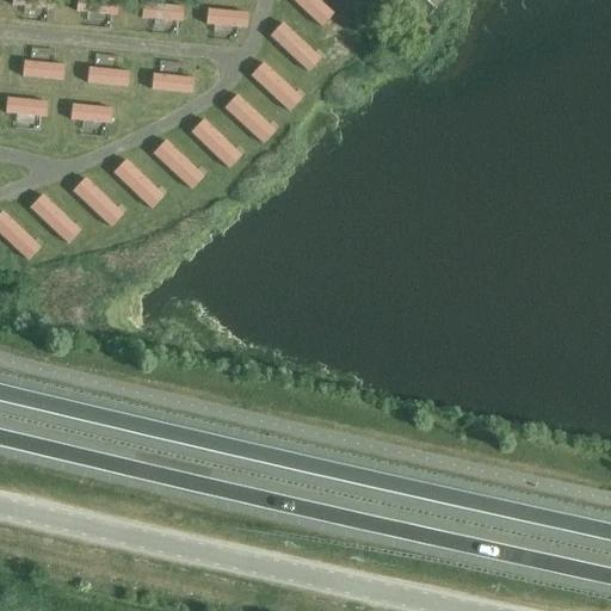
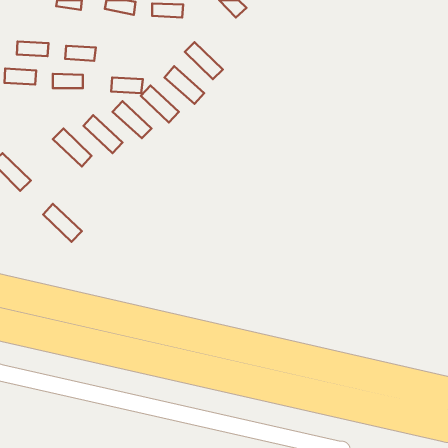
building: [270,19,322,72] -> none
building: [152,70,195,92] -> [111,77,143,93]
building: [30,193,82,245] -> [43,204,82,242]

